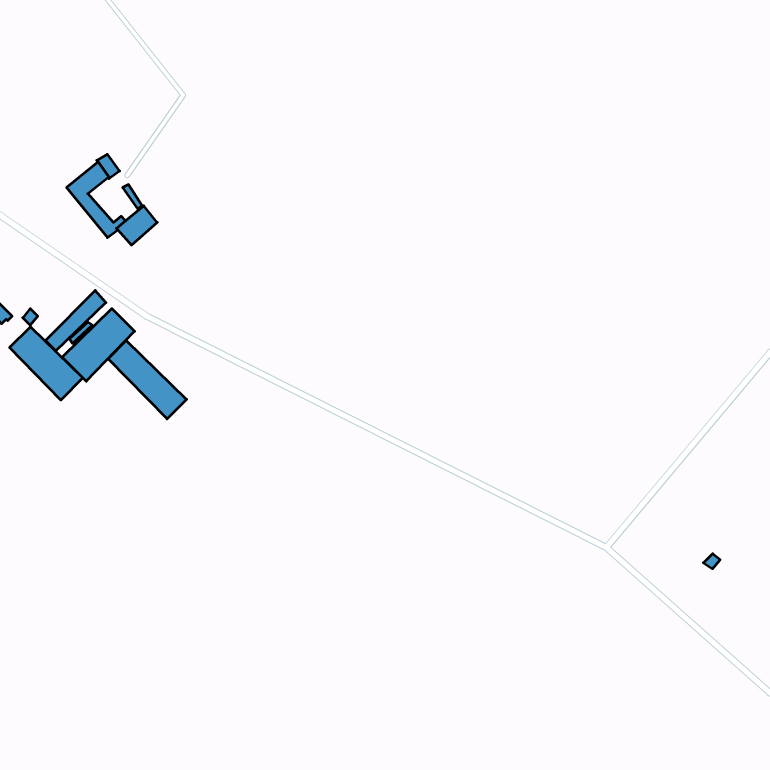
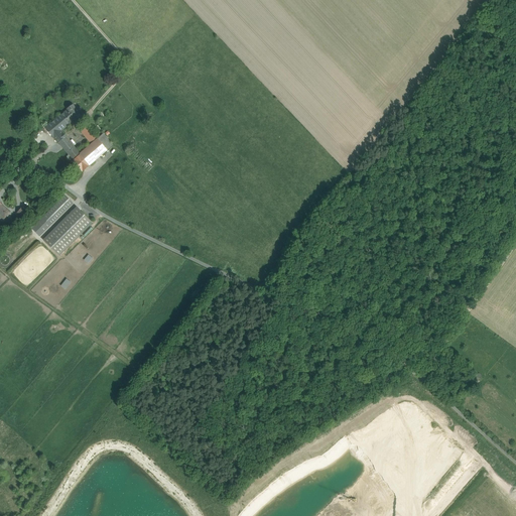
building: [10,327,83,400] -> none
building: [108,340,187,419] -> none

